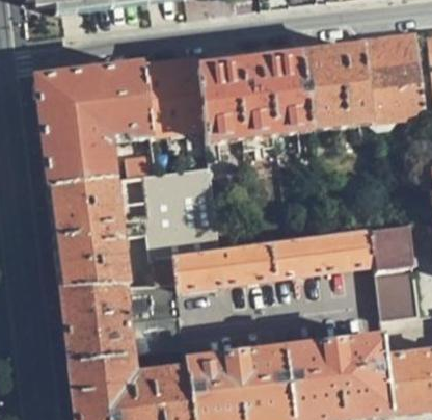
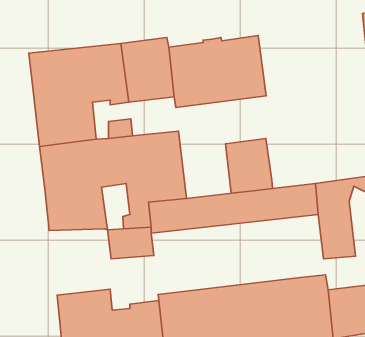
building: [304,33,425,128] -> none
building: none -> [225,139,272,193]
building: [59,284,131,362] -> none

